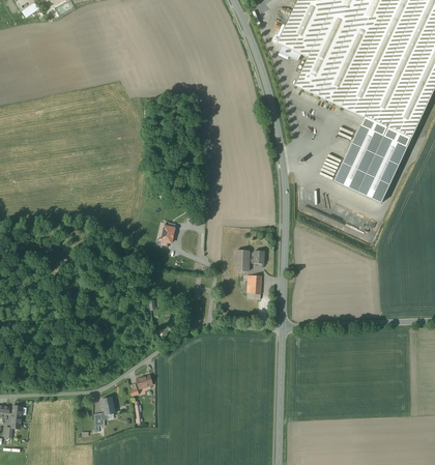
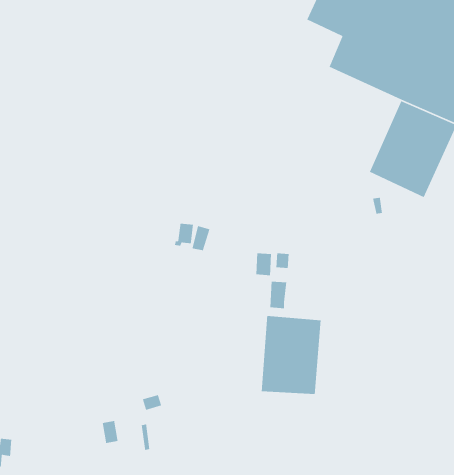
building: none -> [261,315,321,395]

